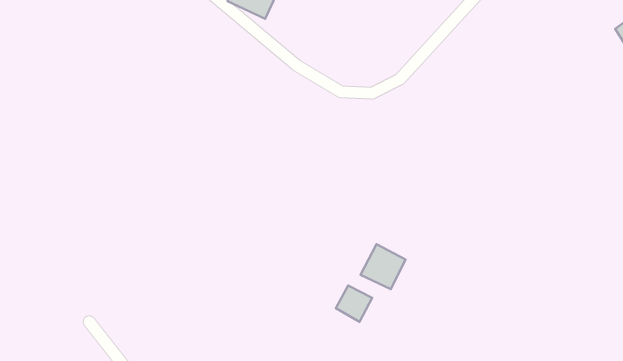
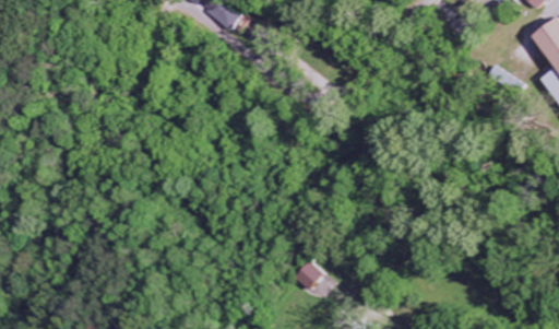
building: [360,244,406,289] -> none

